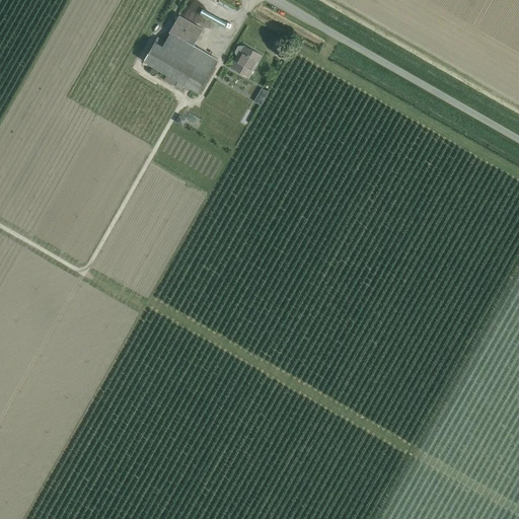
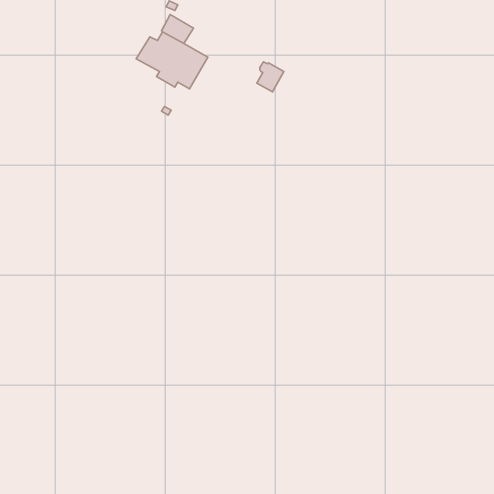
building: [232,46,261,77] -> [257,62,284,92]

